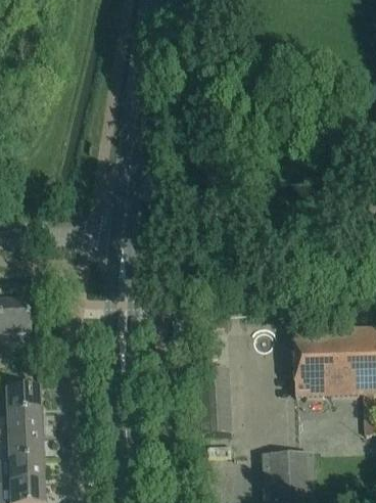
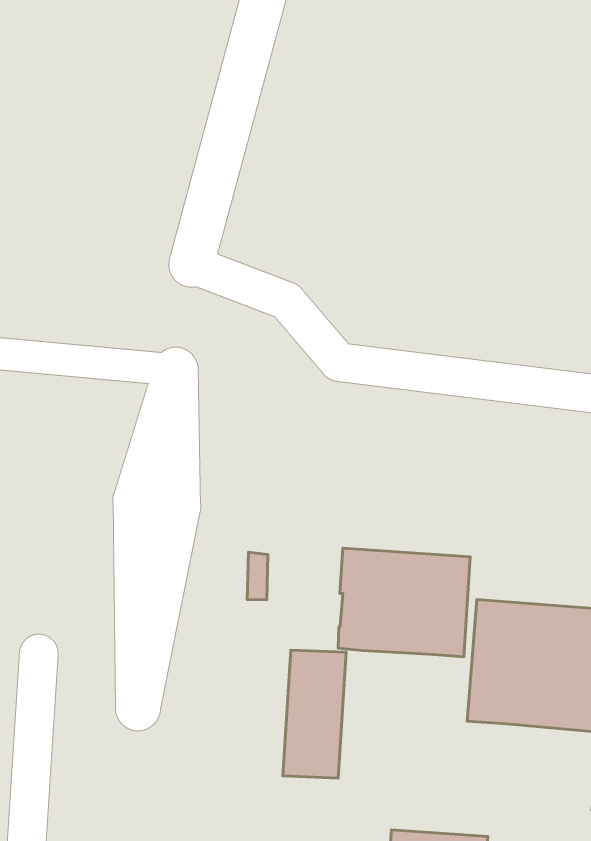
building: none -> [338,548,470,657]

